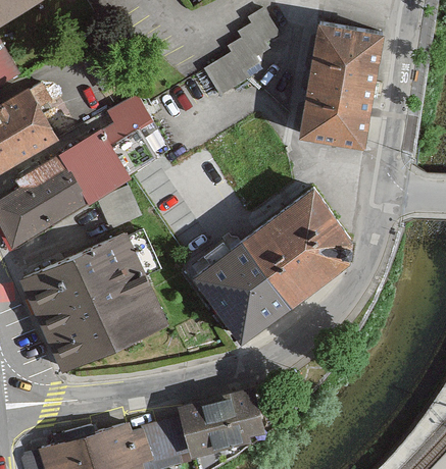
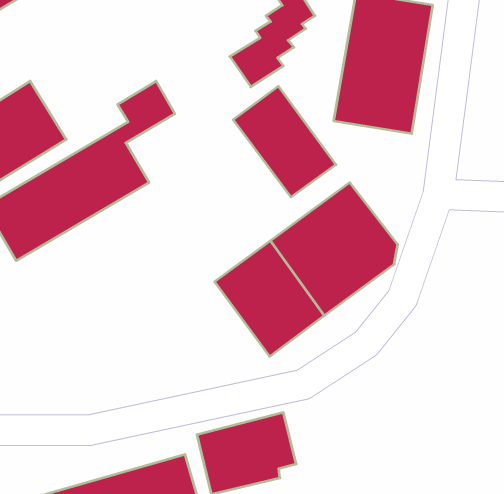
building: none -> [233,86,336,197]
building: [19,236,166,375] -> none

